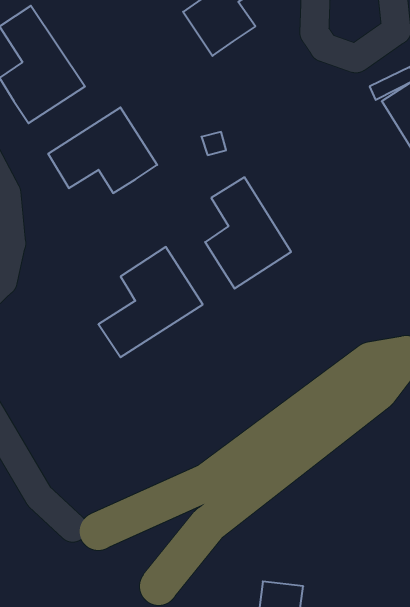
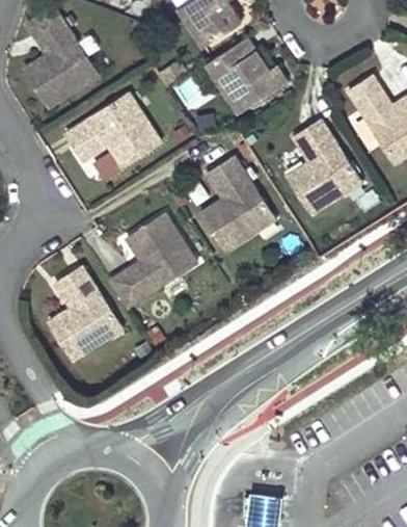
building: none -> [208,38,289,112]
building: none -> [287,117,361,211]
building: none -> [49,267,120,359]

